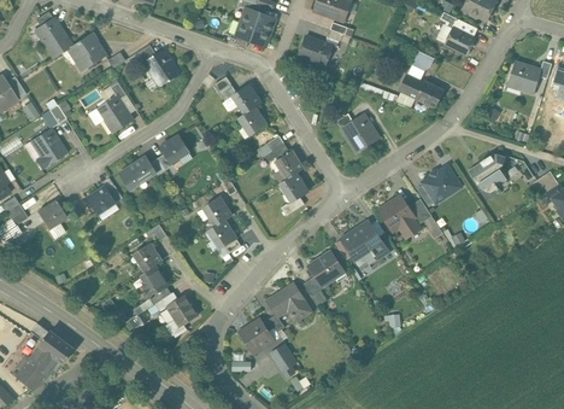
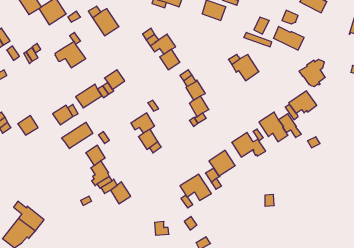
building: [30,128,67,169] -> none
building: [469,153,506,192] -> [299,59,325,87]
building: none -> [62,122,93,149]
building: [239,317,275,355] -> none

